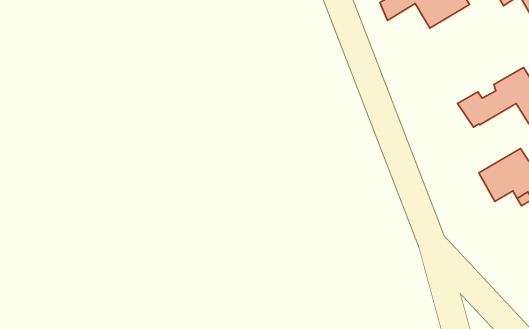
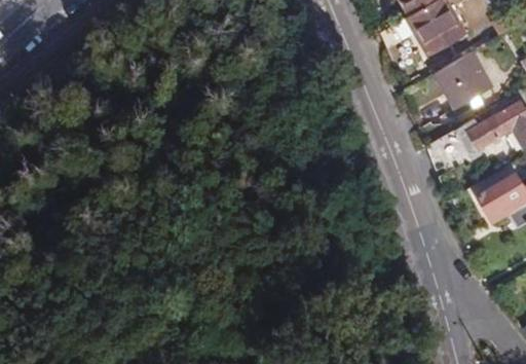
building: none -> [434,50,493,110]

